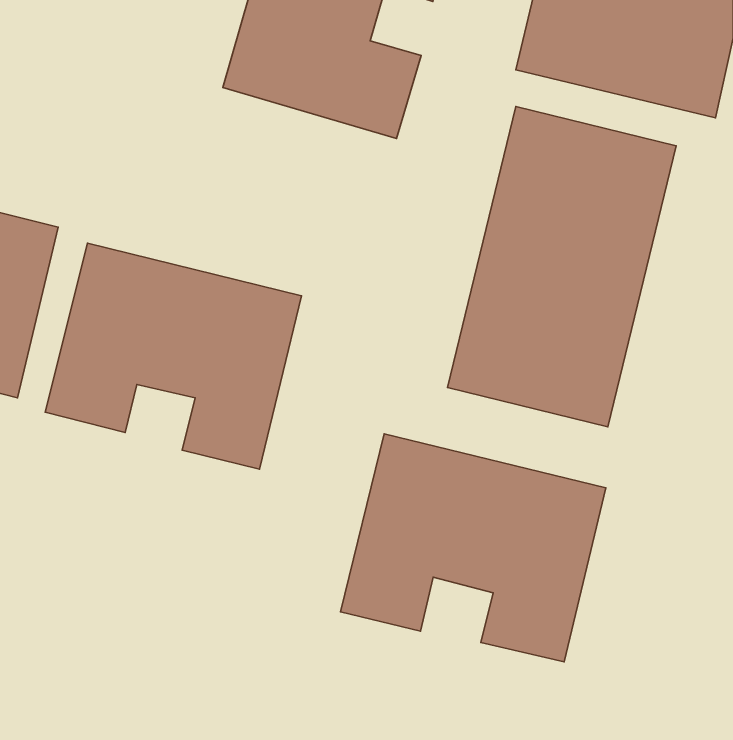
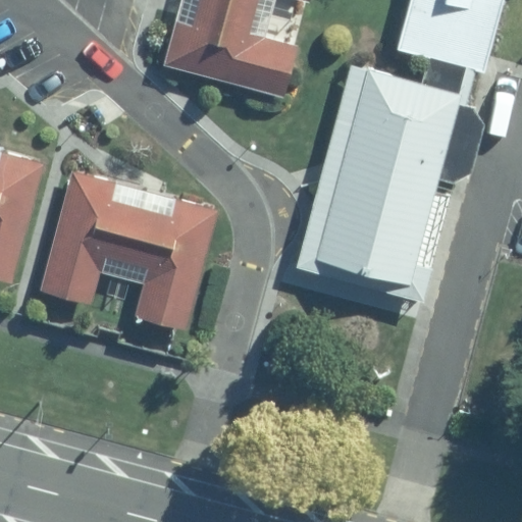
building: [340,434,606,662] -> none

